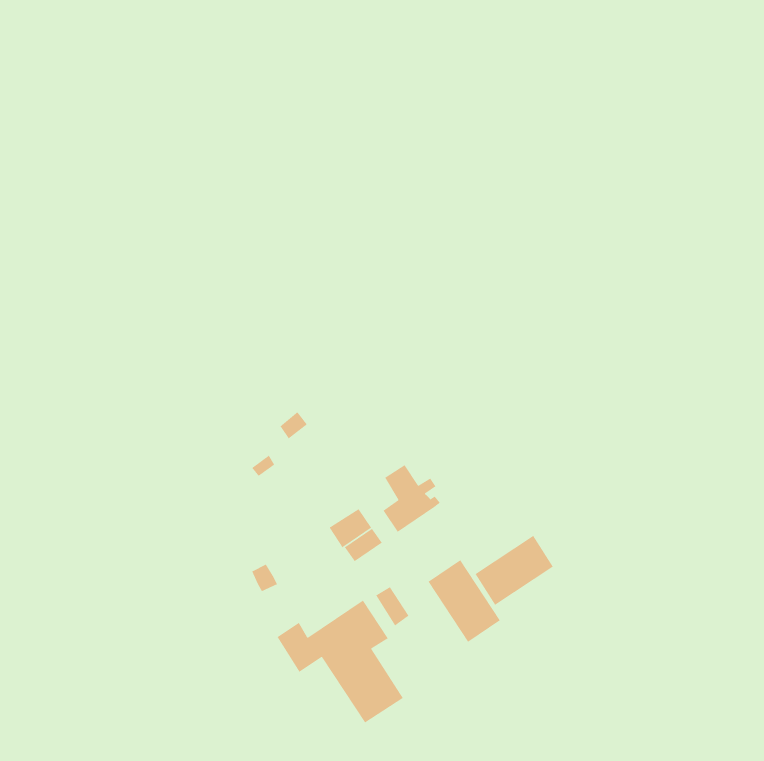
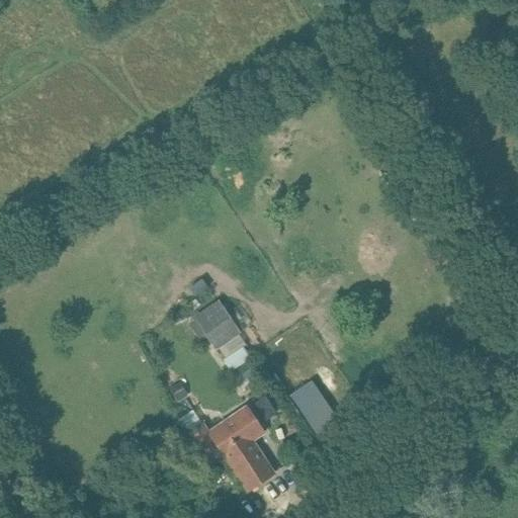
building: [383,464,441,533] -> [204,301,244,348]
building: [475,535,554,606] -> none

